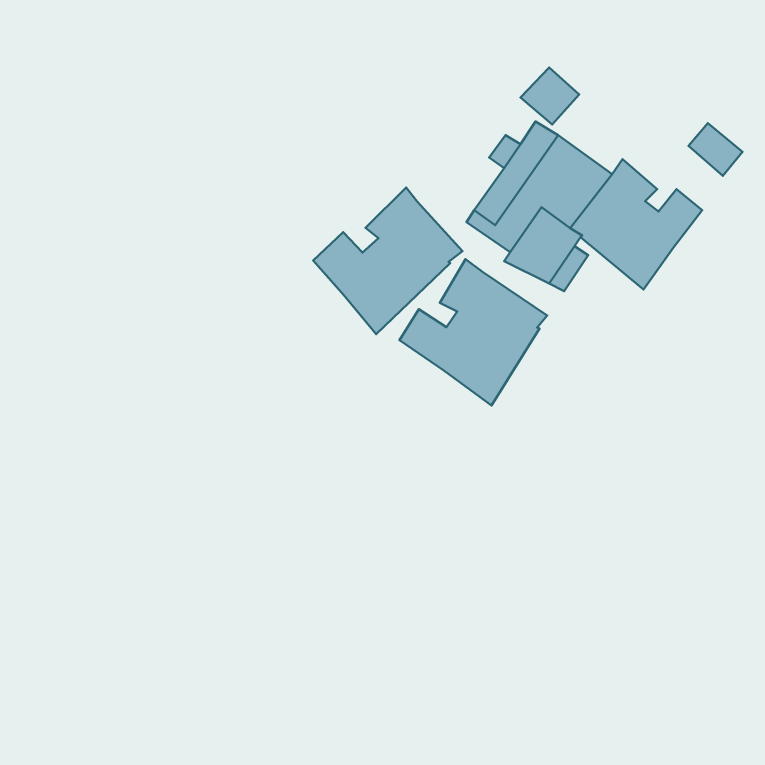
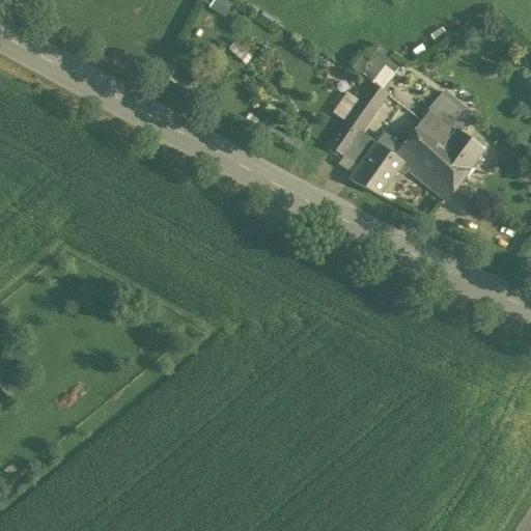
building: [688,123,742,176] -> [430,94,468,131]
building: [313,188,463,334] -> none
building: [400,259,547,405] -> none

